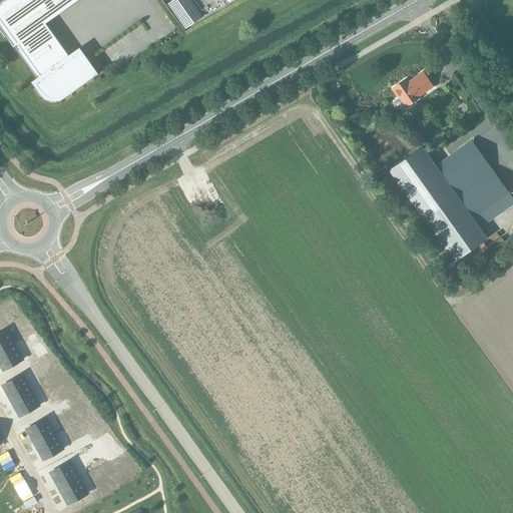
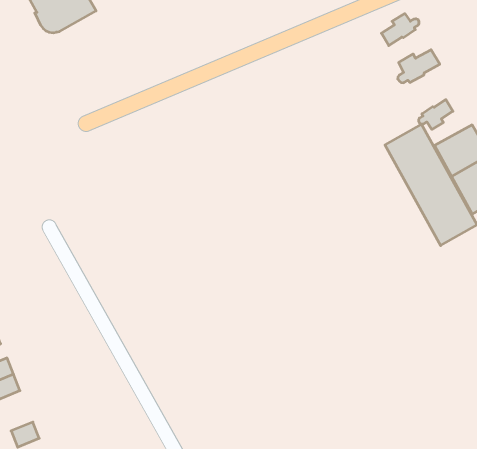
building: none -> [381,14,419,46]
building: none -> [419,100,453,129]
building: [51,462,79,488] -> none

